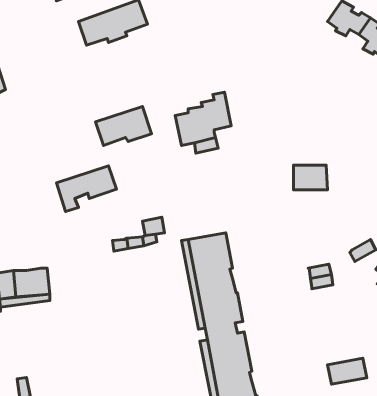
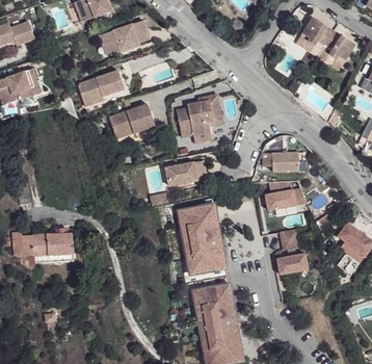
building: [56,166,116,211] -> [80,70,128,106]
building: none -> [164,163,197,188]
building: none -> [264,181,304,212]
building: [328,358,367,384] -> [278,254,310,275]

